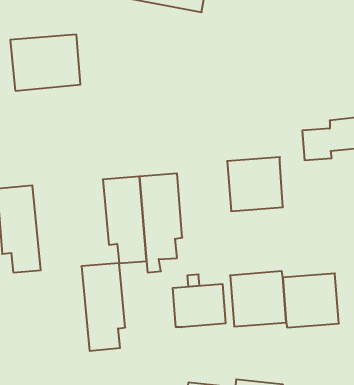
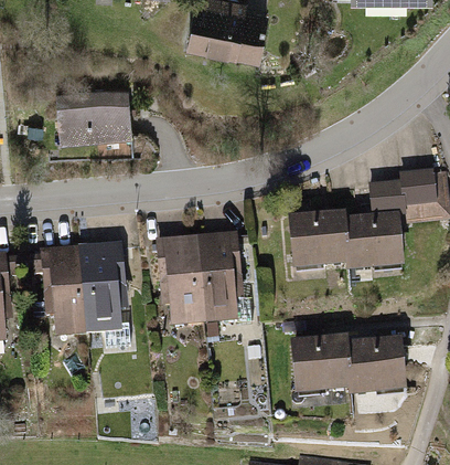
building: none -> [346,214,407,273]
building: [81,263,125,351] -> [78,241,126,336]
building: [173,284,226,327] -> none

